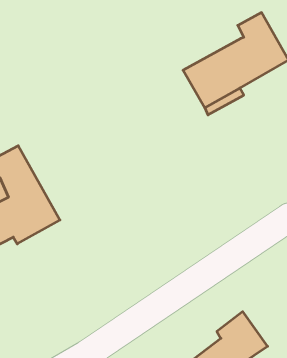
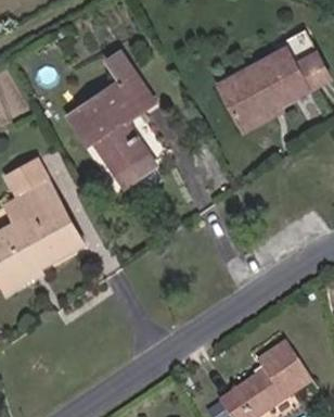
building: none -> [69,54,157,178]

